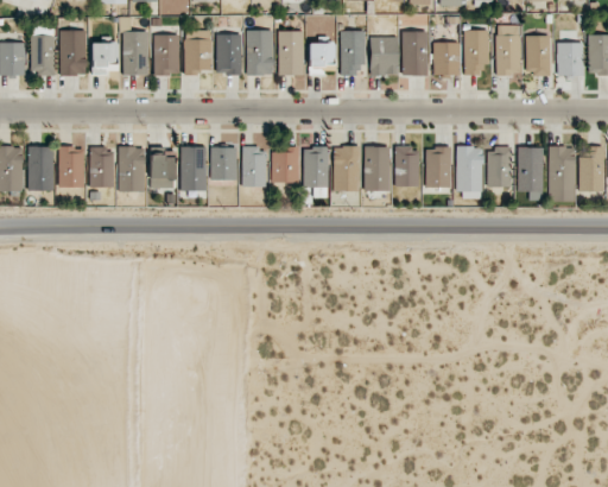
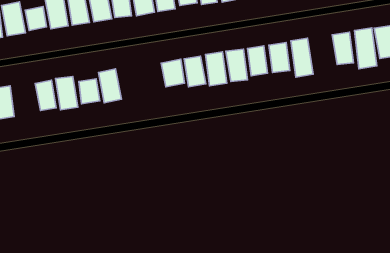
building: [58,147,83,188] -> none
building: [210,147,236,181] -> none
building: [242,147,266,186] -> none
building: [487,147,512,188] -> none

